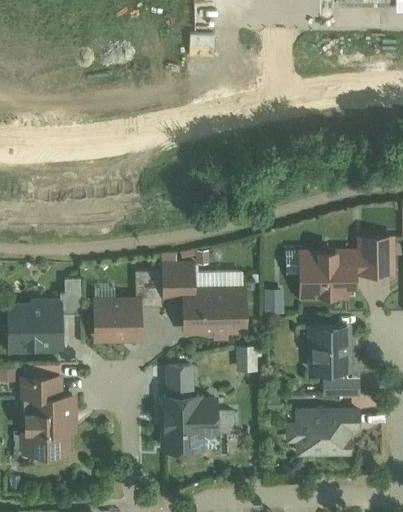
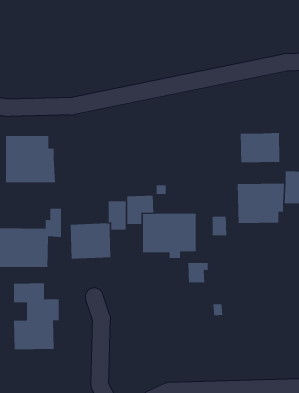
building: none -> [240,132,280,163]
building: none -> [5,135,55,183]
building: [309,328,362,393] -> none
building: [162,362,220,451] -> none
building: [285,409,360,453] -> none

